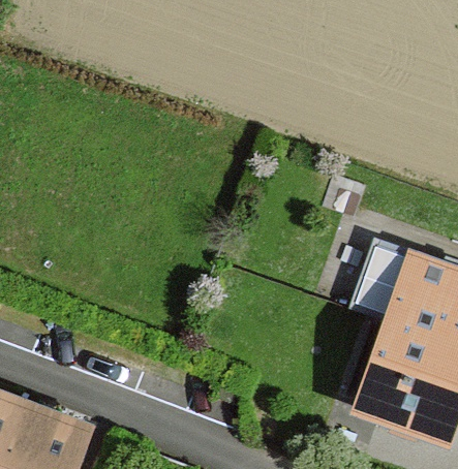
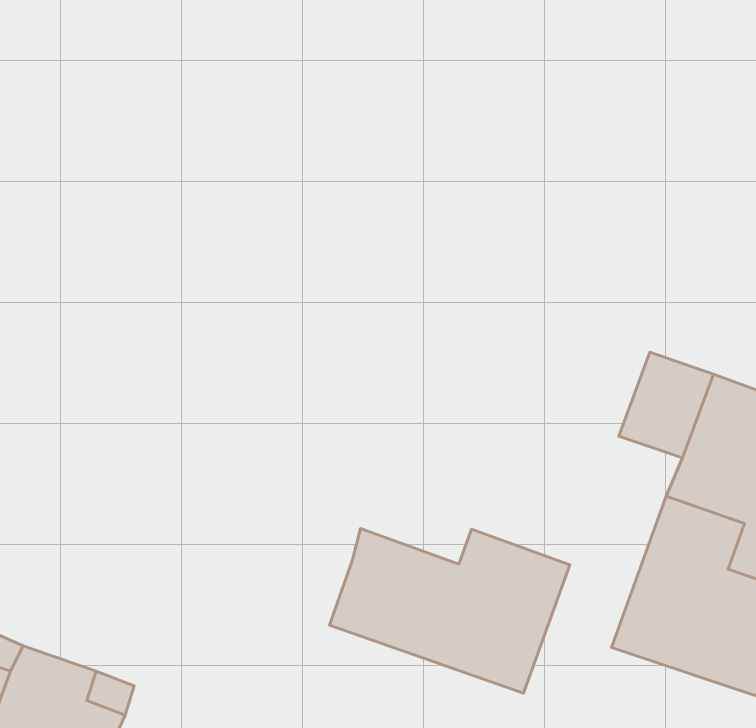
building: none -> [330,529,570,693]

